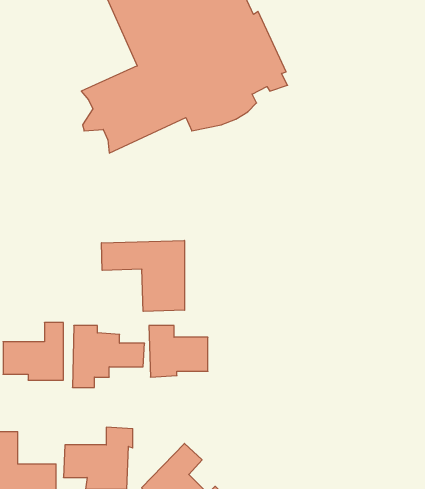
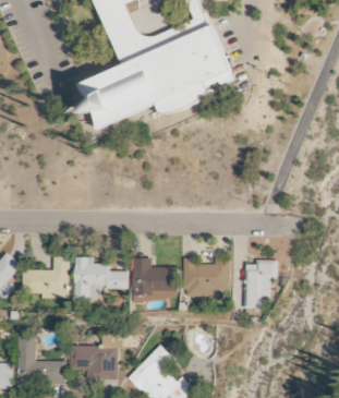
building: [102,240,185,311] -> none
building: none -> [183,257,229,296]
building: none -> [243,260,276,307]

